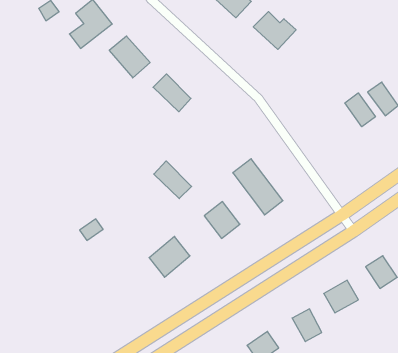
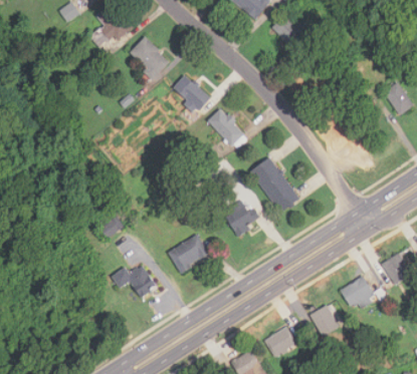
building: [345,93,375,127] -> none
building: [154,161,192,199] -> [208,108,245,145]
building: none -> [113,265,158,298]

